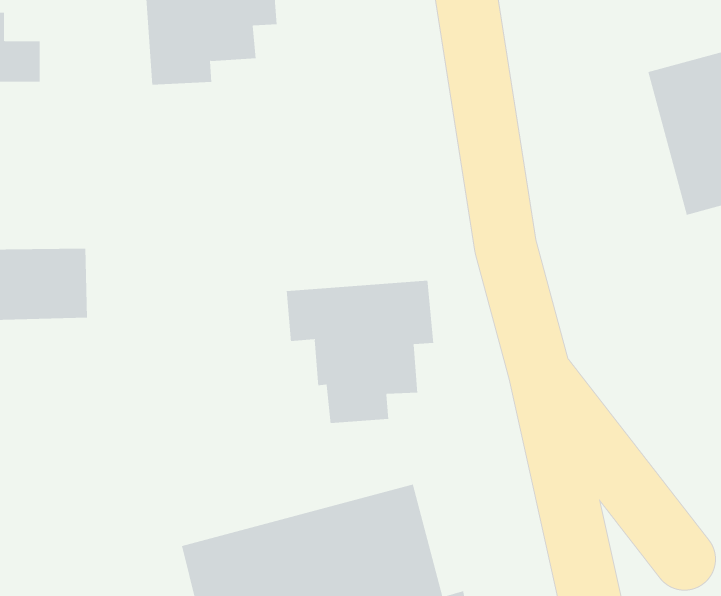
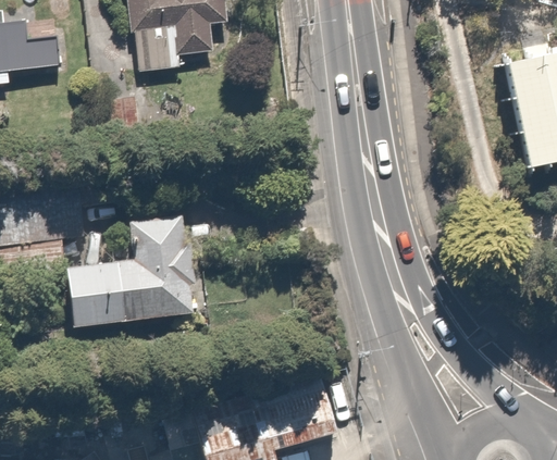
building: none -> [76,207,208,319]
building: [286,280,434,424] -> none

